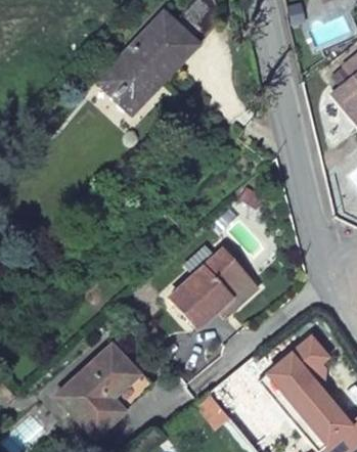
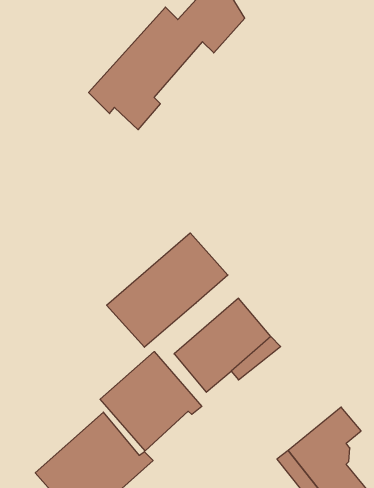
building: none -> [107,233,228,347]
building: none -> [100,352,202,451]

